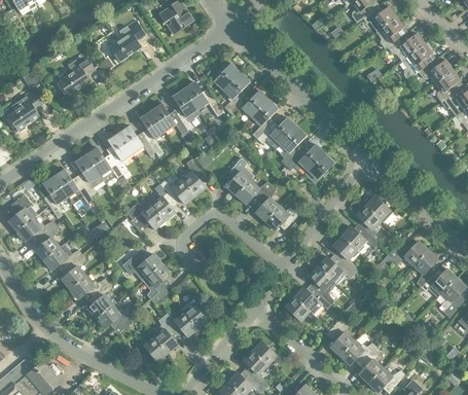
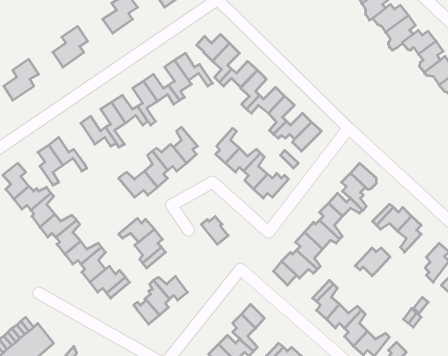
building: [75,154,104,196] -> none
building: [420,268,456,297] -> [355,248,390,276]
building: [180,299,208,328] -> [201,216,228,244]

